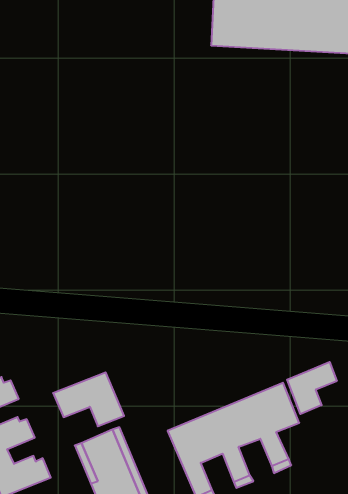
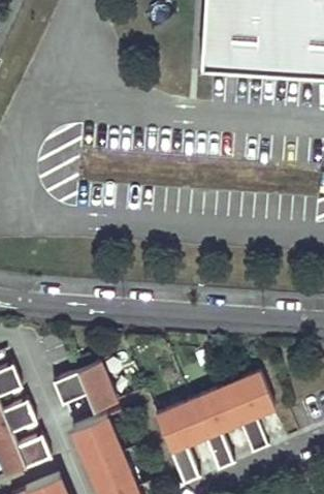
building: [287,362,337,414] -> none

